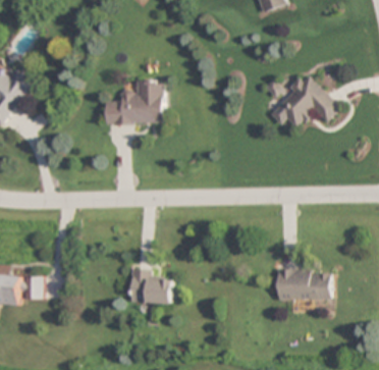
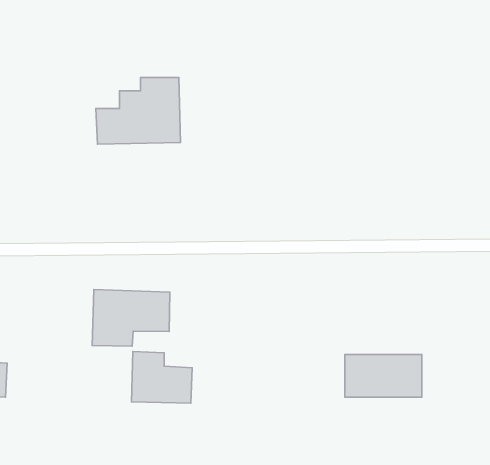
building: [268,75,339,127] -> none
building: none -> [92,290,170,346]

